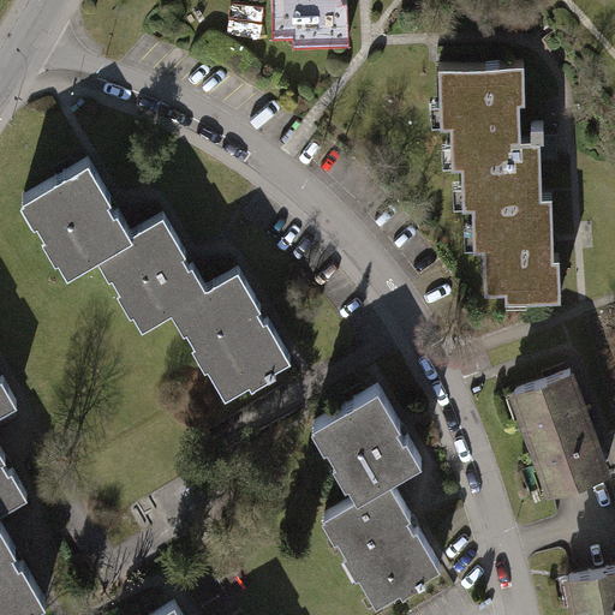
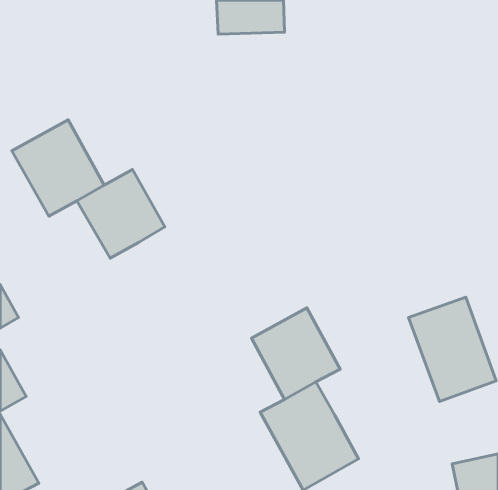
building: [440,65,566,305] -> none
building: [171,270,288,398] -> none

